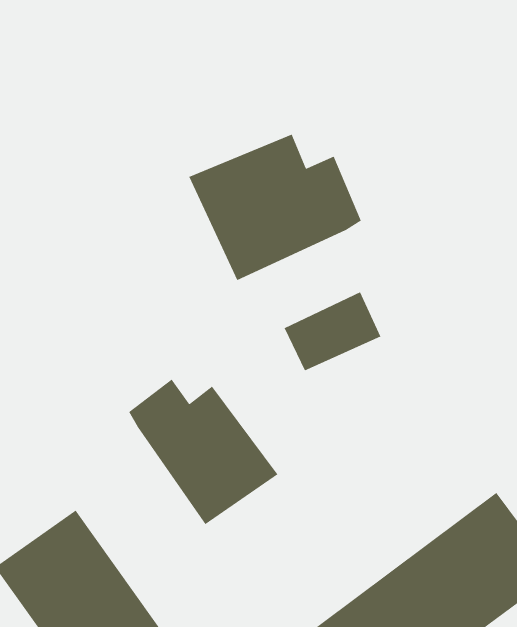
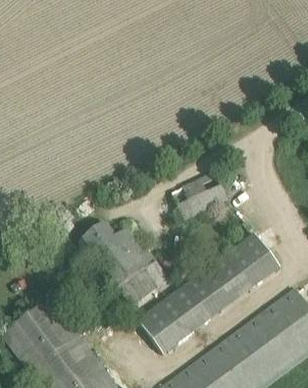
building: [188,134,362,281] -> none
building: none -> [138,233,279,352]

